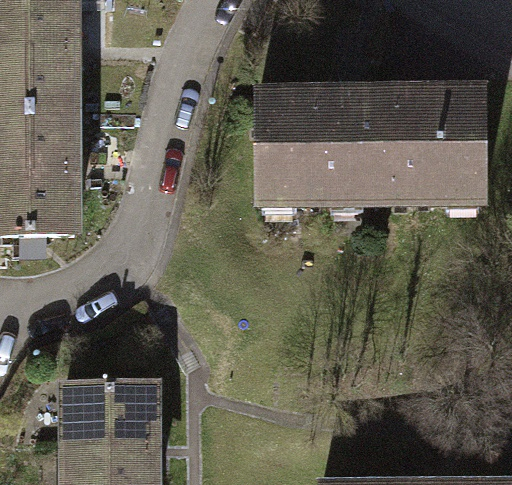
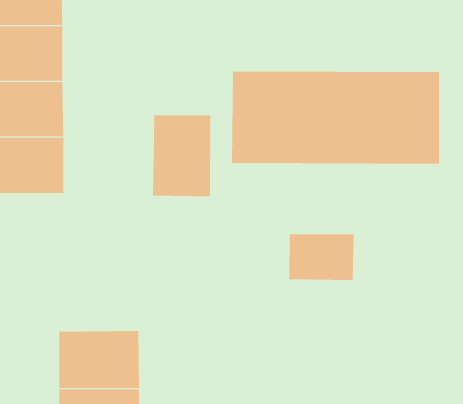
building: none -> [153,115,211,197]
building: none -> [289,234,354,281]

